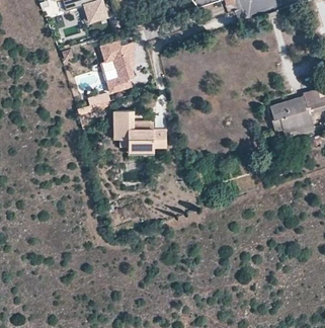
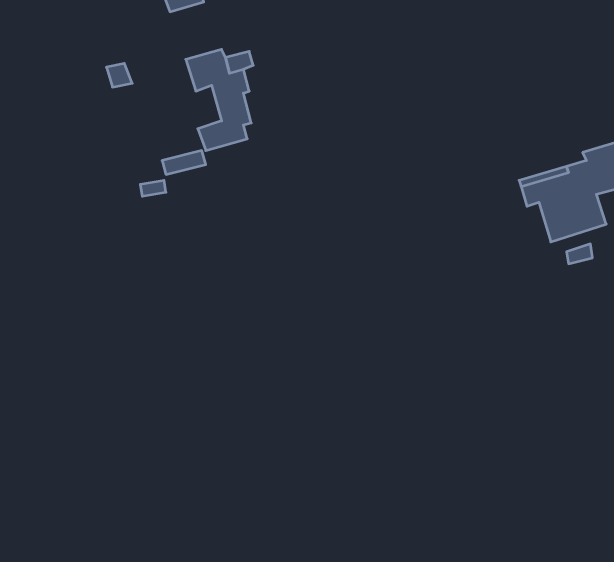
building: [114,108,168,150] -> none

